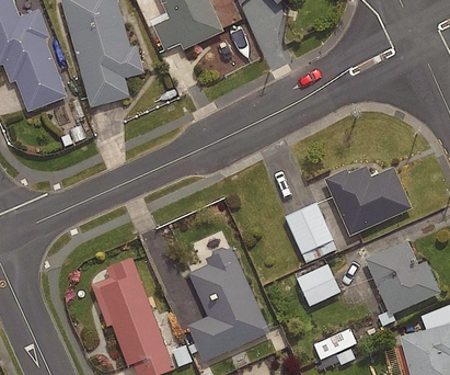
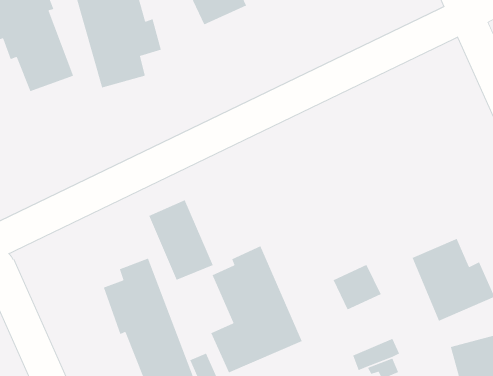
building: [324,164,412,235] -> none
building: [285,202,335,261] -> none
building: none -> [148,199,214,281]

